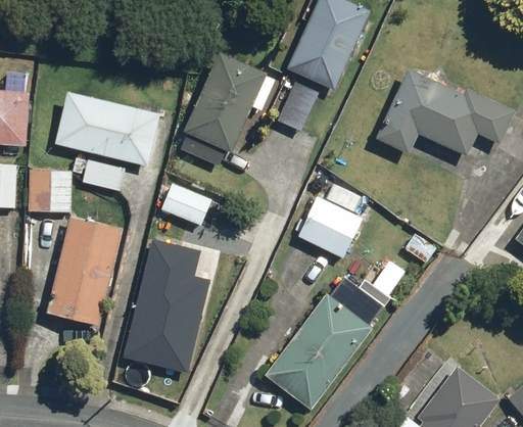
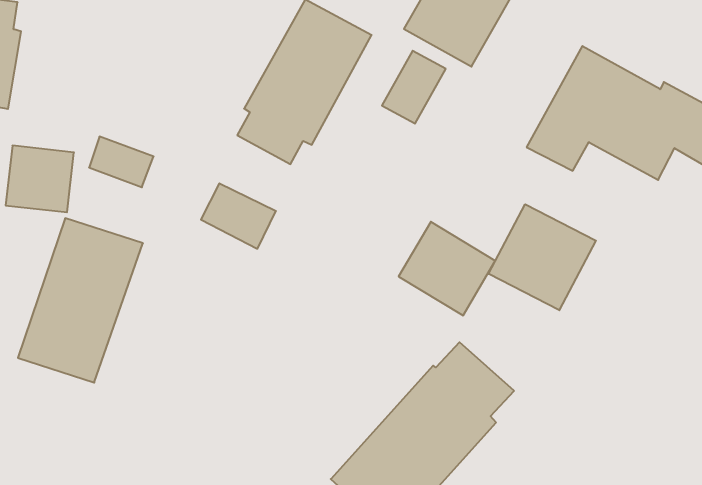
building: [53,91,158,165] -> none
building: none -> [489,204,596,310]
building: [126,238,209,371] -> none

